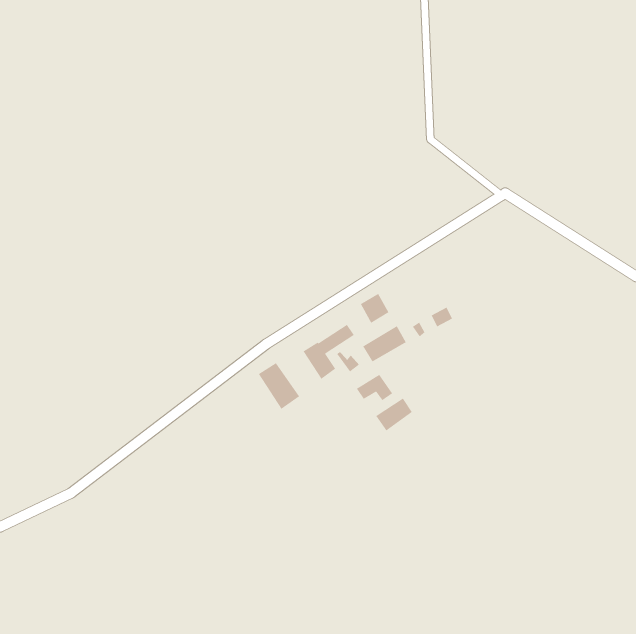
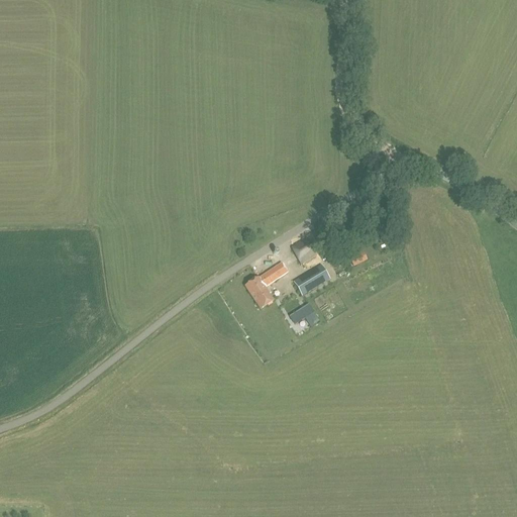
building: [258,362,300,410] -> none
building: [375,397,413,431] -> none

